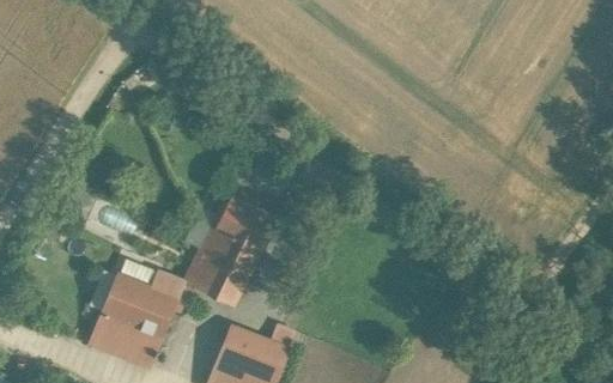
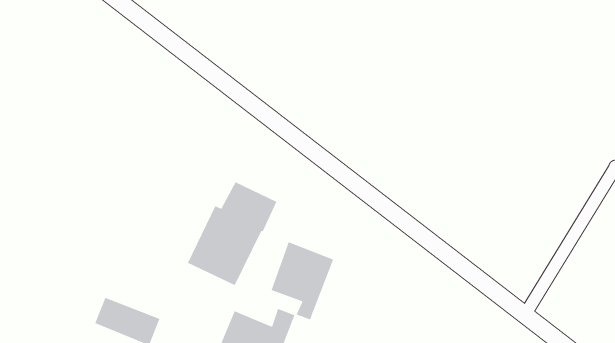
building: none -> [270,241,334,321]
building: [104,276,182,339] -> none

